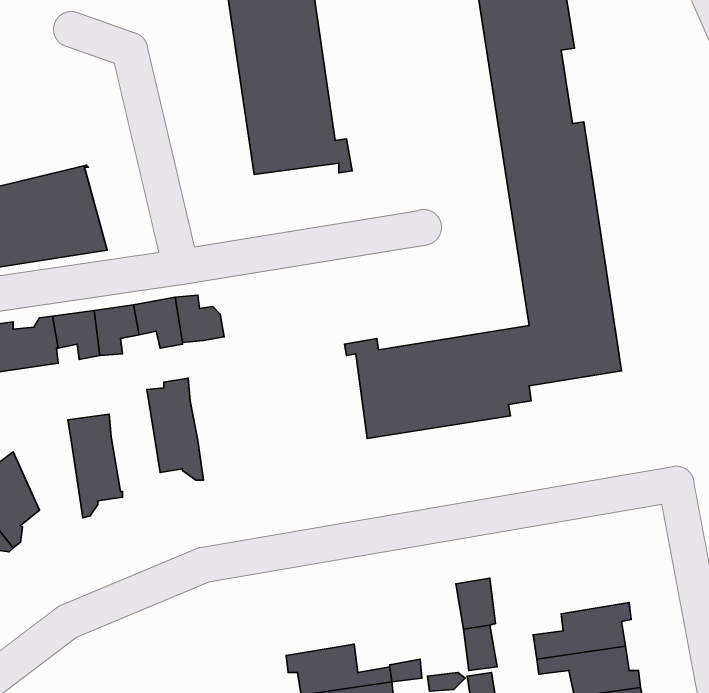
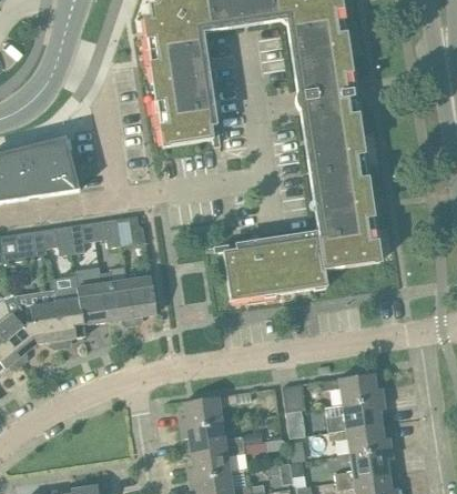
building: none -> [74,271,106,332]
building: none -> [124,275,155,325]
building: none -> [20,303,61,349]
building: none -> [319,372,383,404]
building: none -> [179,393,236,429]

